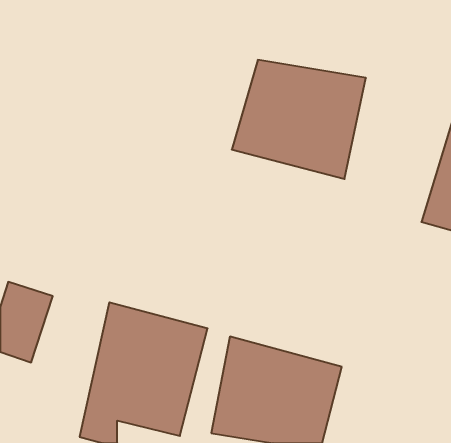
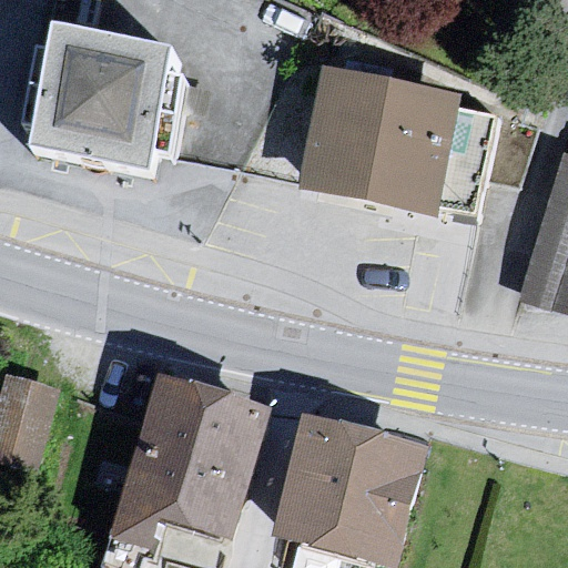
building: none -> [26,28,191,179]

